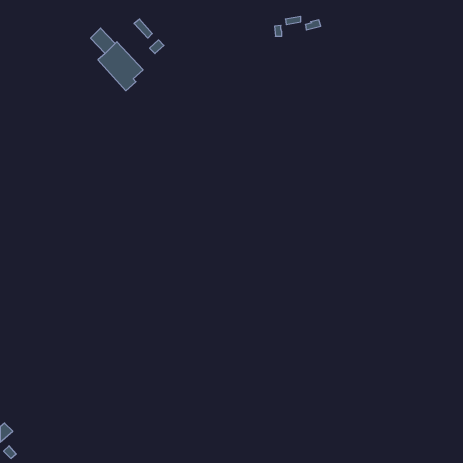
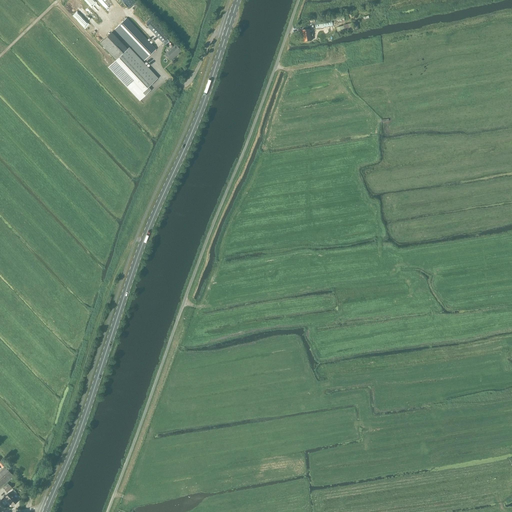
building: none -> [115,17,156,59]

